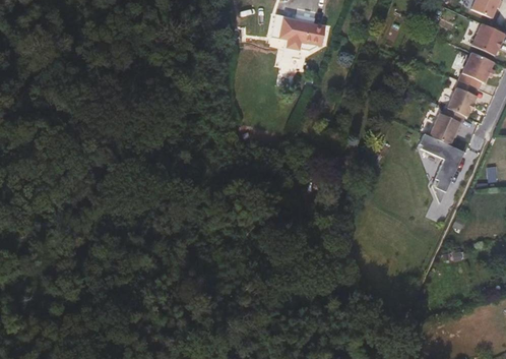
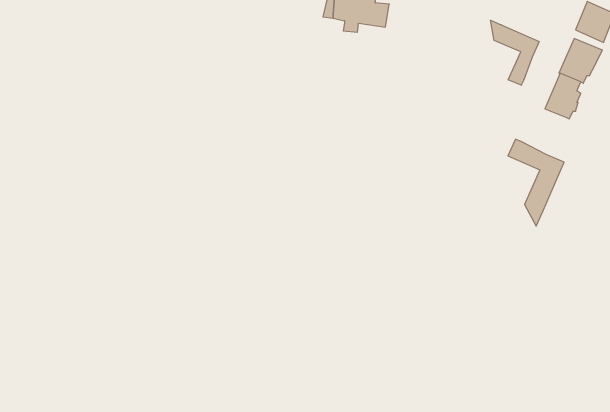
building: none -> [490,20,539,85]
building: [430,108,465,145] -> none

